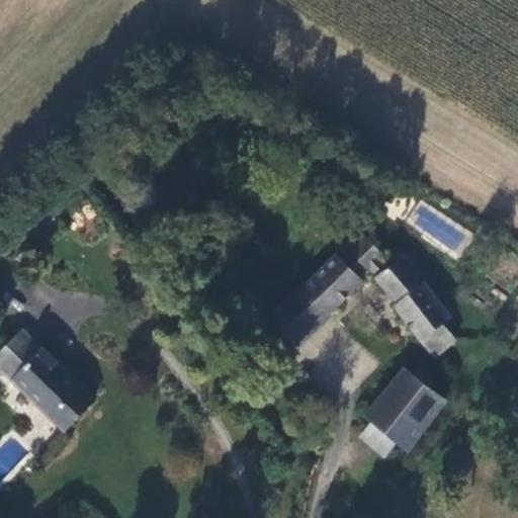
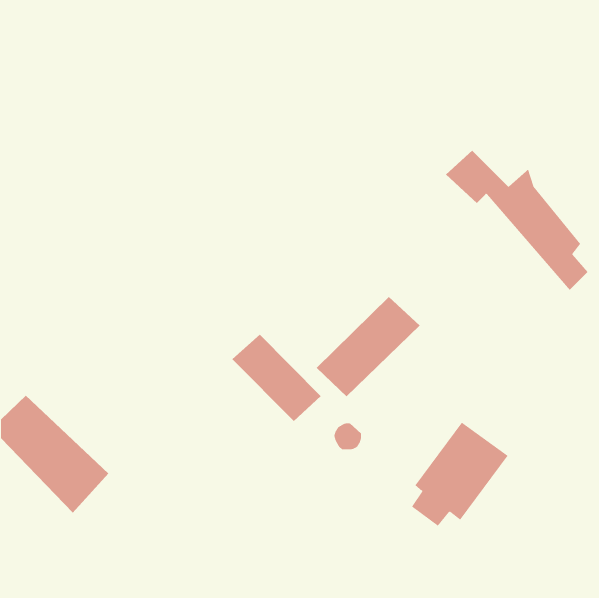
building: [336,236,459,357] -> [445,150,588,291]
building: none -> [231,334,321,422]

